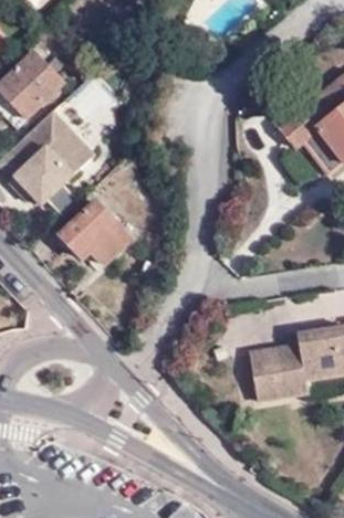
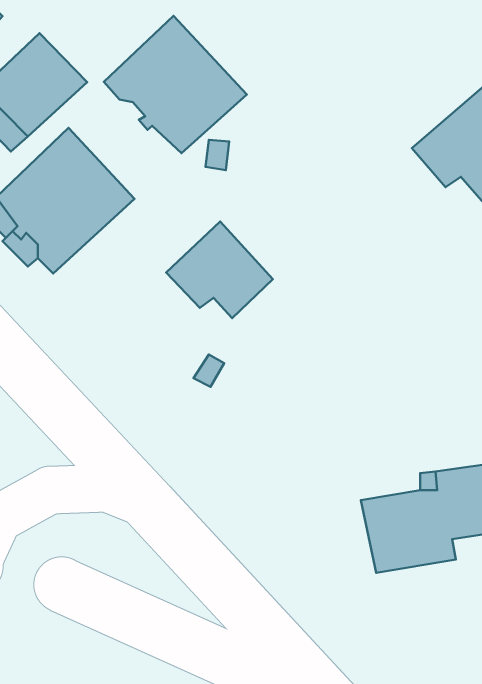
building: none -> [104,16,247,153]
building: [60,202,129,265] -> [166,222,273,318]

